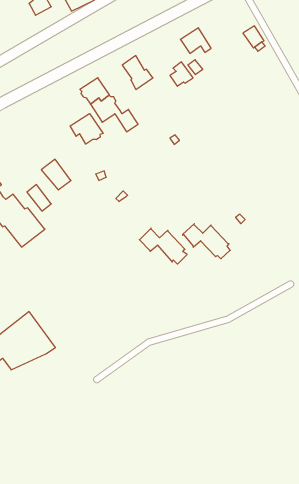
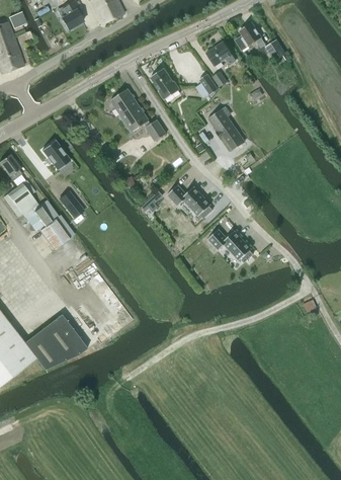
building: none -> [236,22,266,50]
building: none -> [208,106,245,151]
building: [70,114,103,144] -> none
building: [41,159,71,190] -> [41,140,70,169]
building: [139,228,187,264] -> [168,184,214,219]

